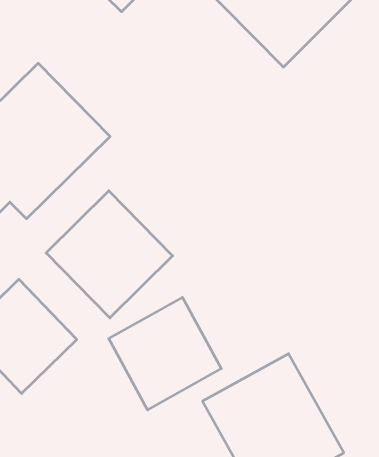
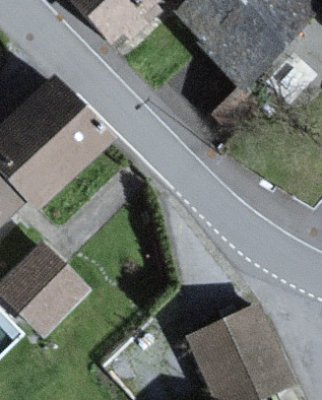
building: [46,191,173,318] -> none
building: [109,297,221,410] -> none

